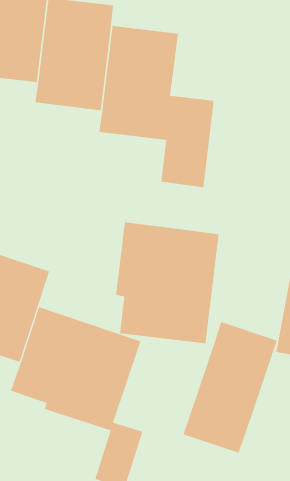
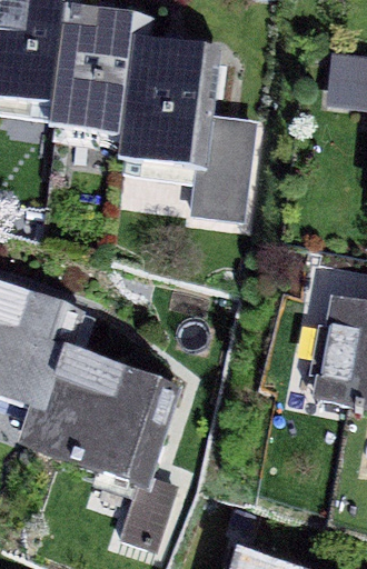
building: [116,222,219,344] -> none
building: [183,321,278,454] -> none

